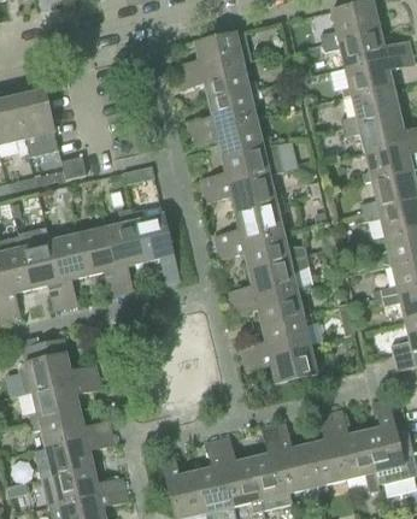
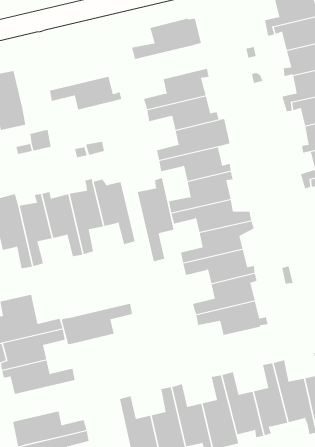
building: [176,61,257,99] -> [49,76,122,110]
building: none -> [137,177,174,262]
building: [34,431,113,477] -> [61,303,133,345]

